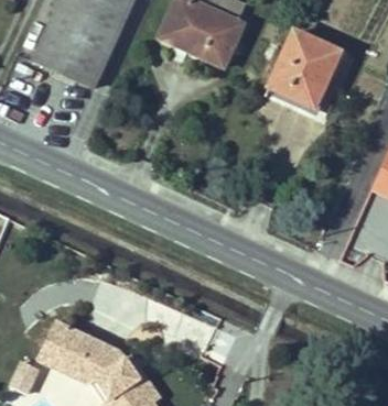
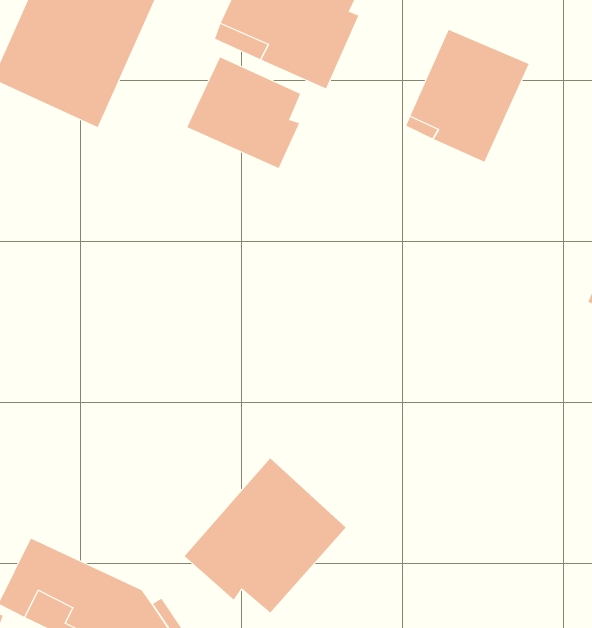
building: none -> [186,57,301,169]
building: none -> [184,458,347,614]

